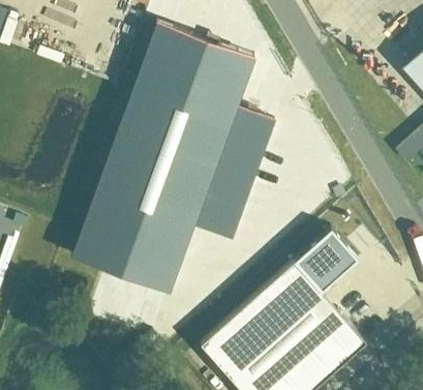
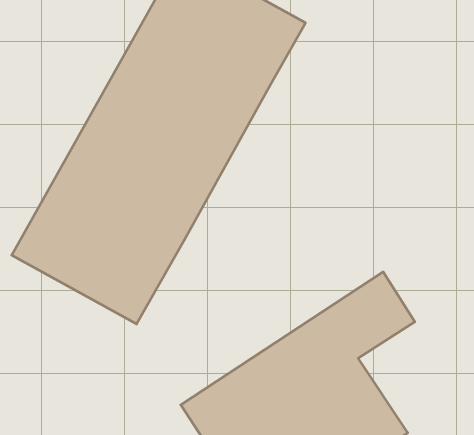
building: [191,108,274,240] -> none

